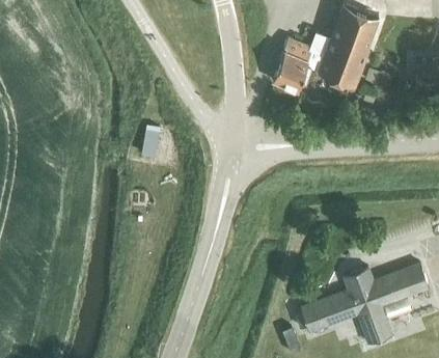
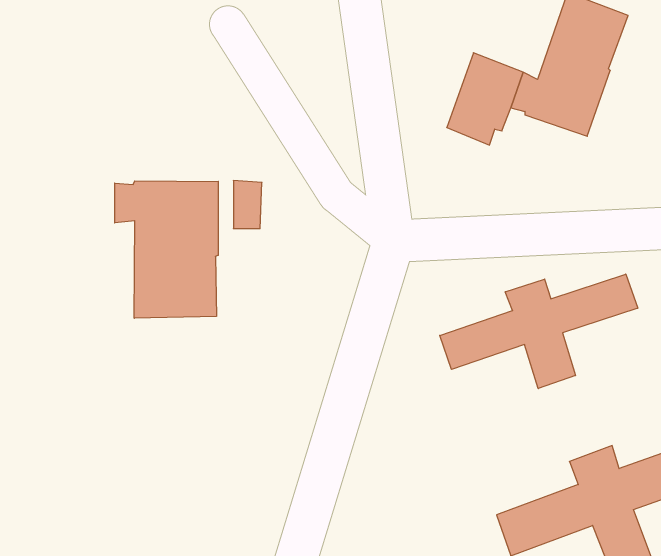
building: none -> [115,181,218,318]
building: none -> [440,274,638,389]

